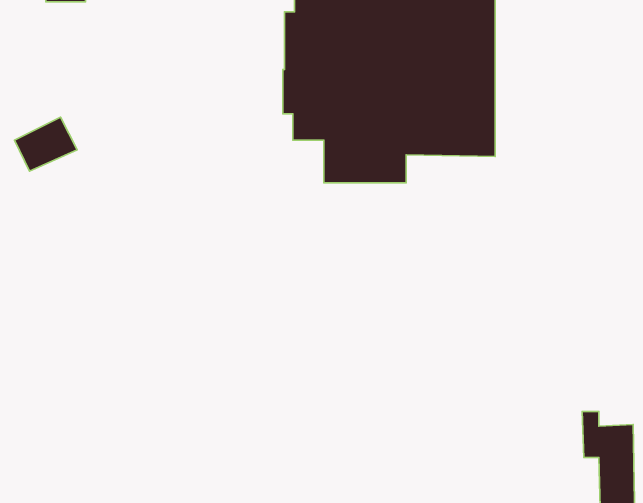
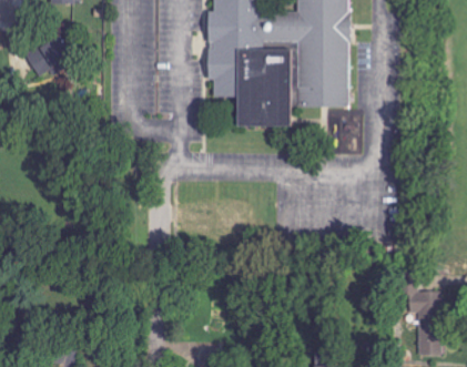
building: [15,117,77,171] -> [27,35,69,72]

